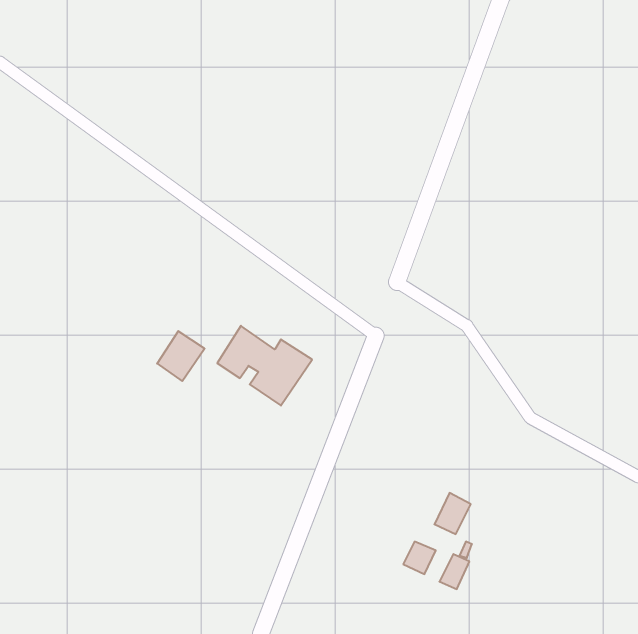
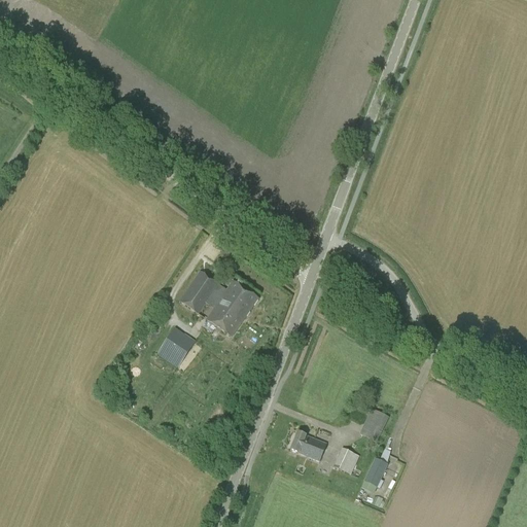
building: [157,331,205,381] -> [156,325,196,366]
building: none -> [290,430,326,460]

